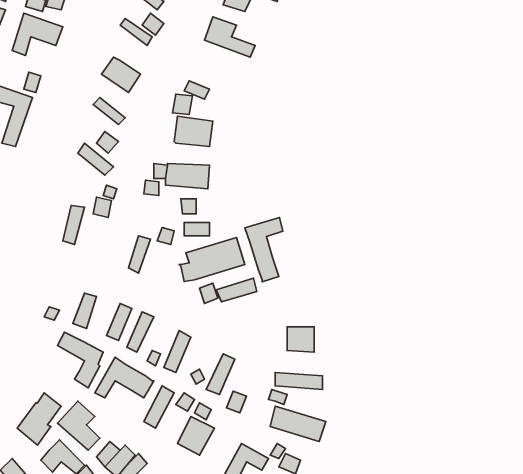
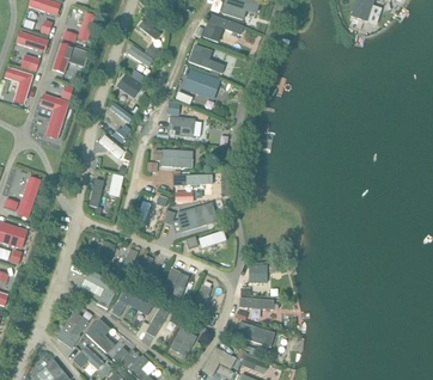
building: none -> [182,68,220,98]
building: [245,217,283,282] -> none

